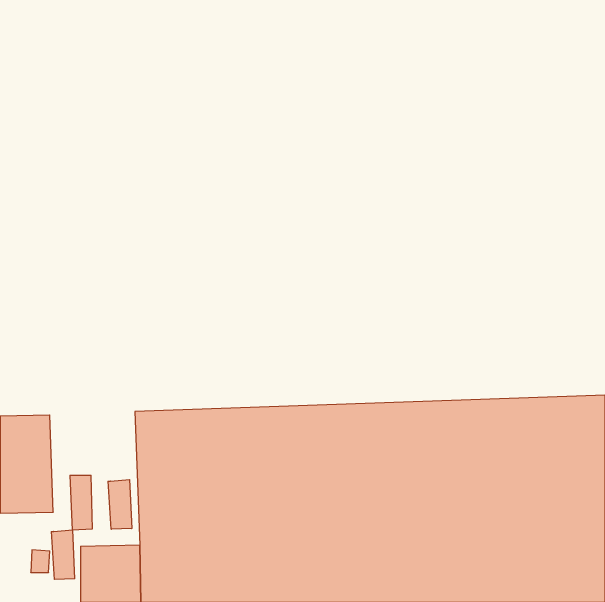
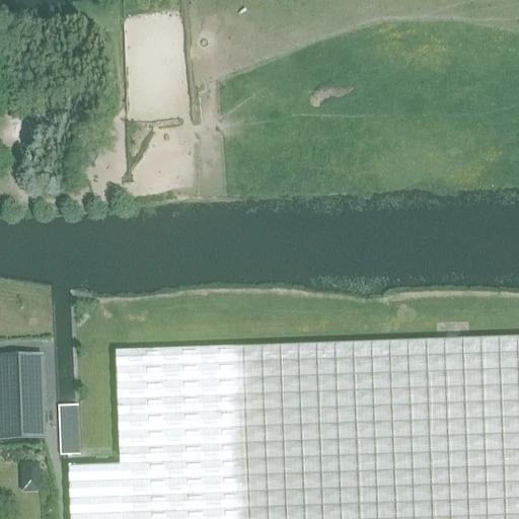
building: [108,480,132,529] -> none
building: [51,530,75,579] -> none

